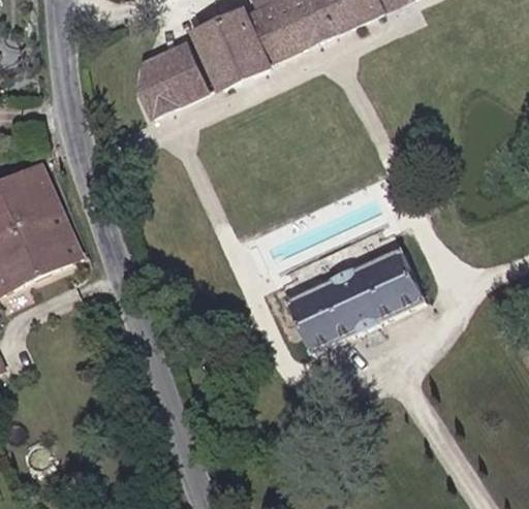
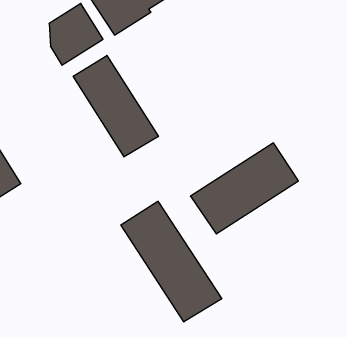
building: none -> [73,55,158,157]
building: none -> [121,201,222,322]

